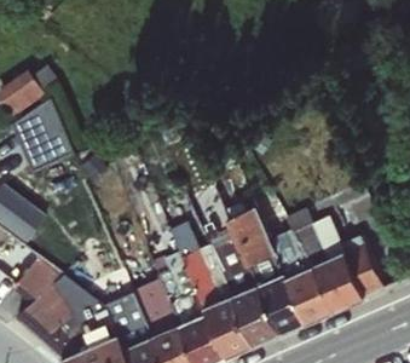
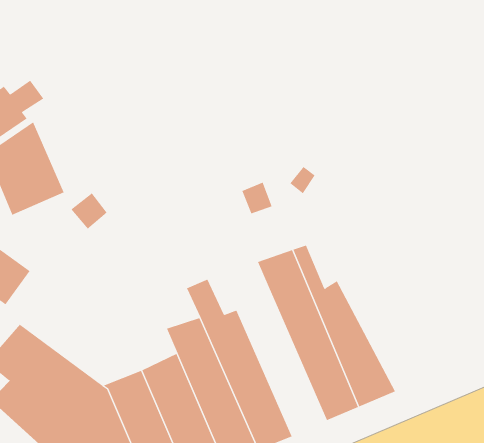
building: [285,208,382,310] -> none
building: [209,227,279,345] -> none

